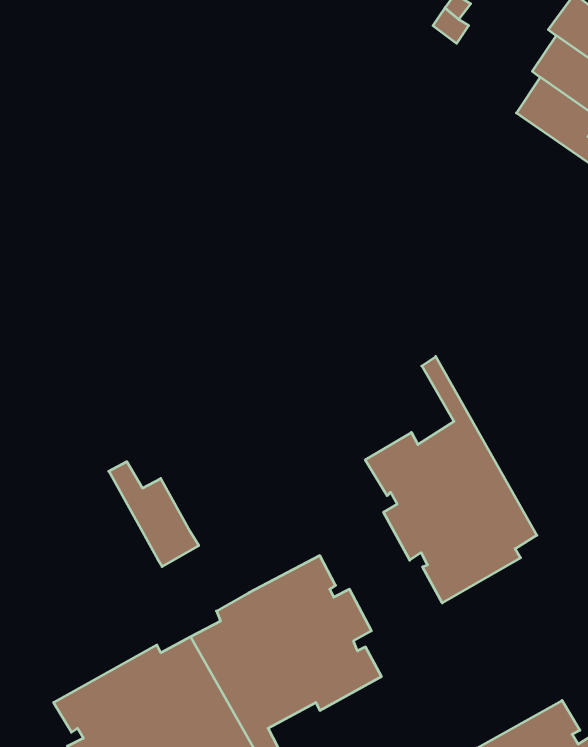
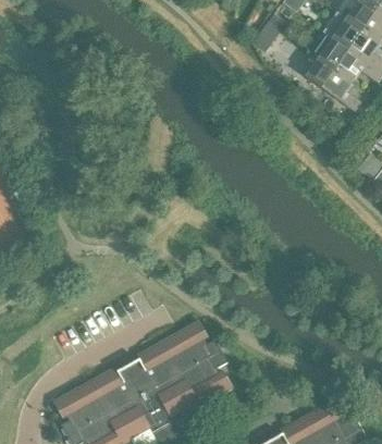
building: [365,356,537,603] -> none
building: [109,462,199,567] -> none

